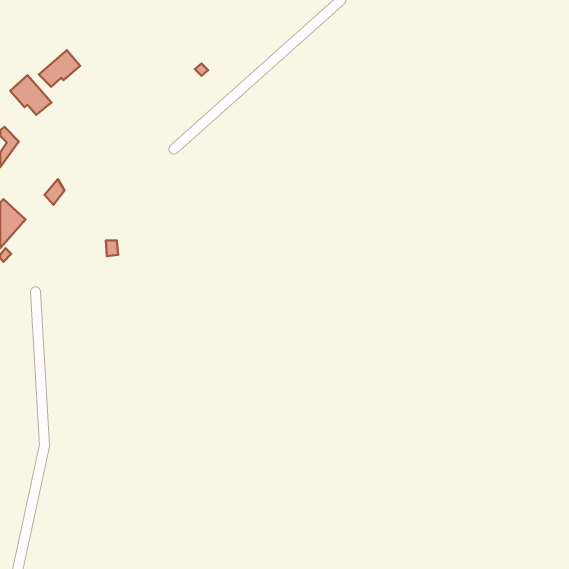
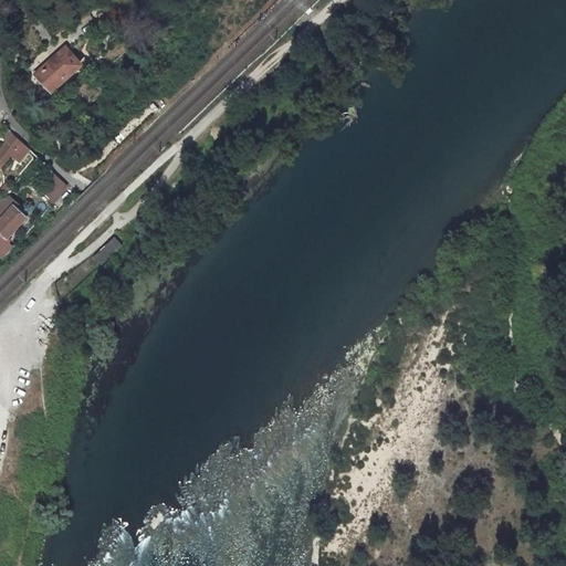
building: [10,75,52,115] -> none

